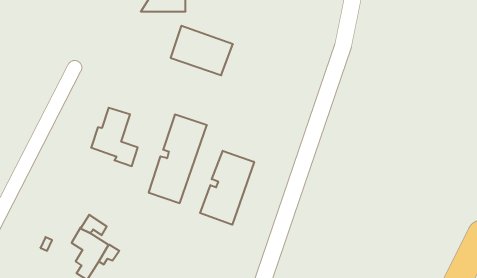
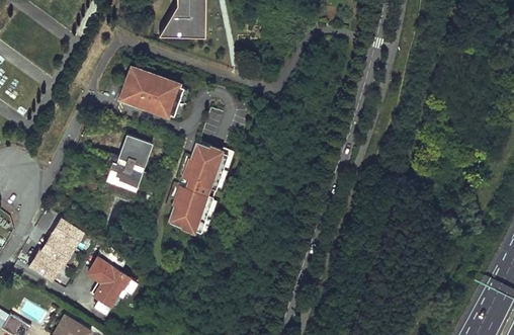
building: [171,26,233,75] -> [116,68,181,119]
building: [200,151,254,225] -> none
building: none -> [27,217,85,279]

